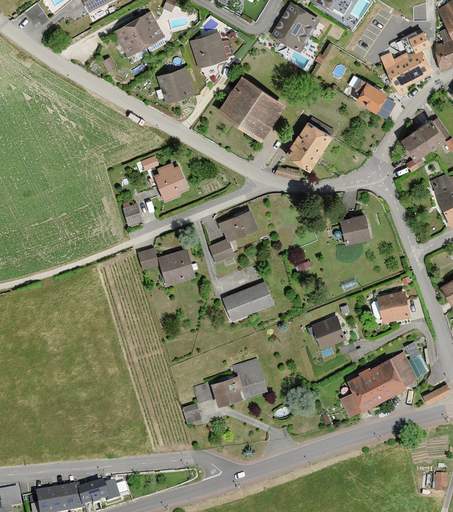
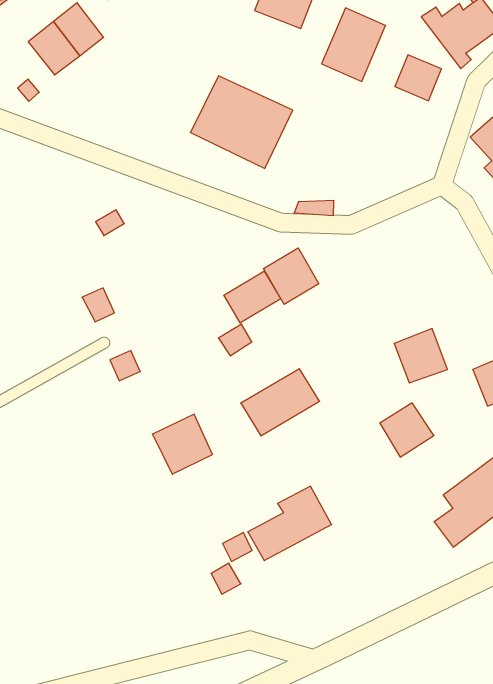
building: [188,30,225,67] -> none
building: [158,66,197,104] -> none
building: [286,119,333,170] -> [322,8,386,81]
building: [155,163,189,203] -> none
building: none -> [263,248,319,304]
building: [338,211,371,245] -> [394,329,447,383]
building: [155,247,193,285] -> [152,414,212,474]

